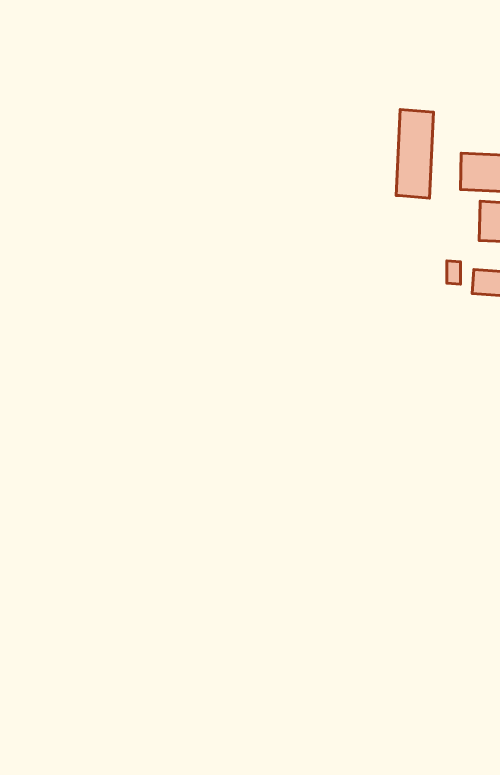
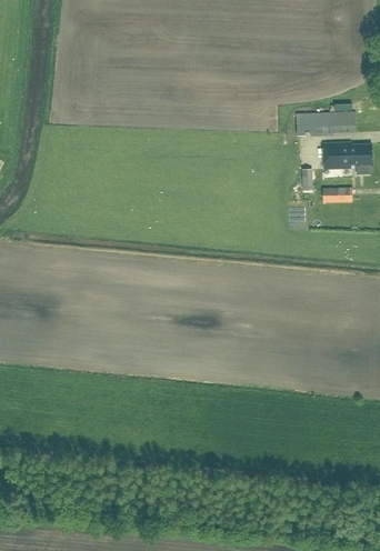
building: [396,110,433,198] -> none

